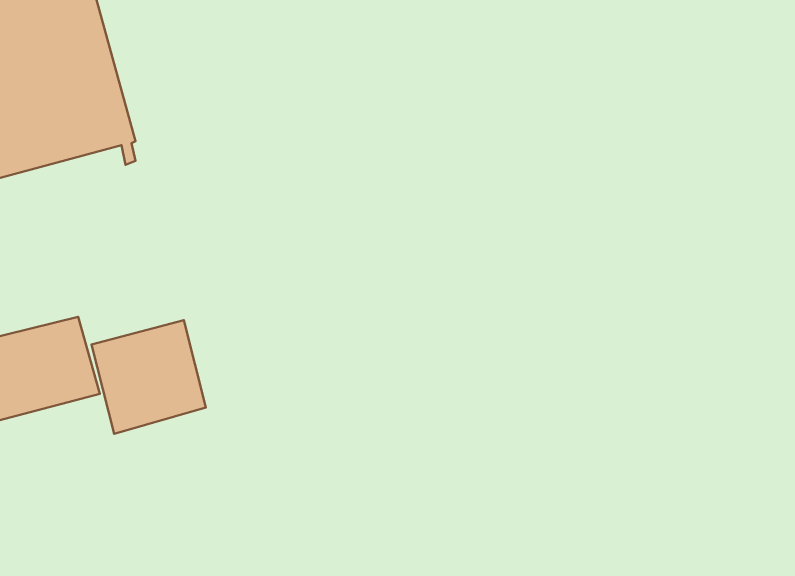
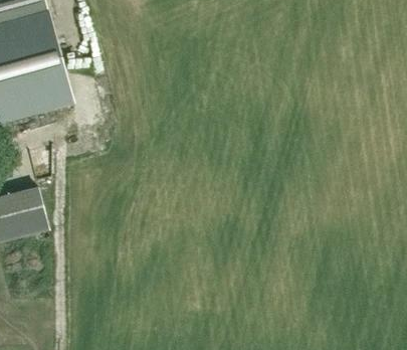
building: [91,320,206,434] -> none

